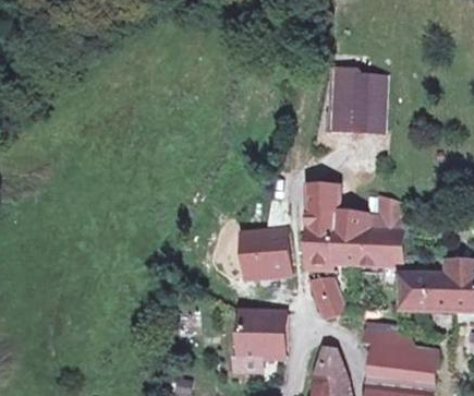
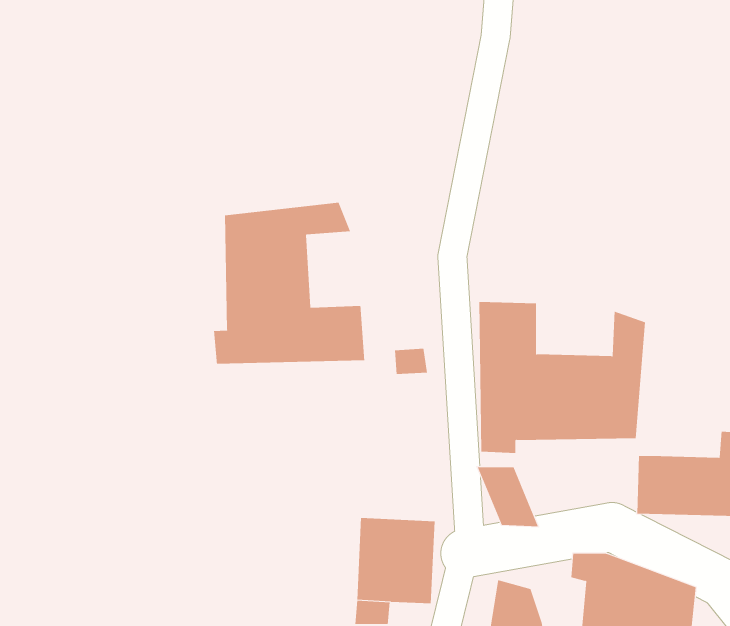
building: [328,73,381,131] -> none
building: none -> [214,202,365,365]
building: [240,229,292,277] -> none

